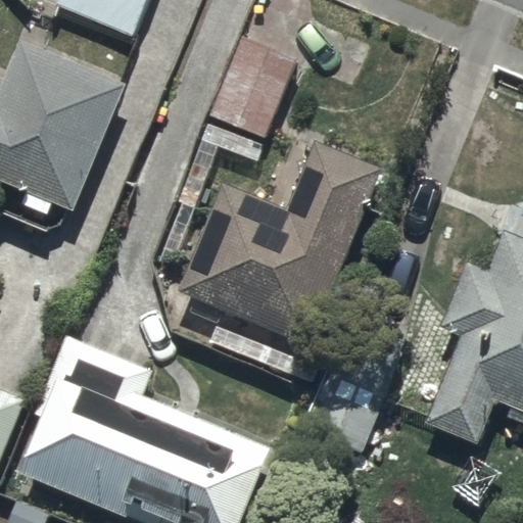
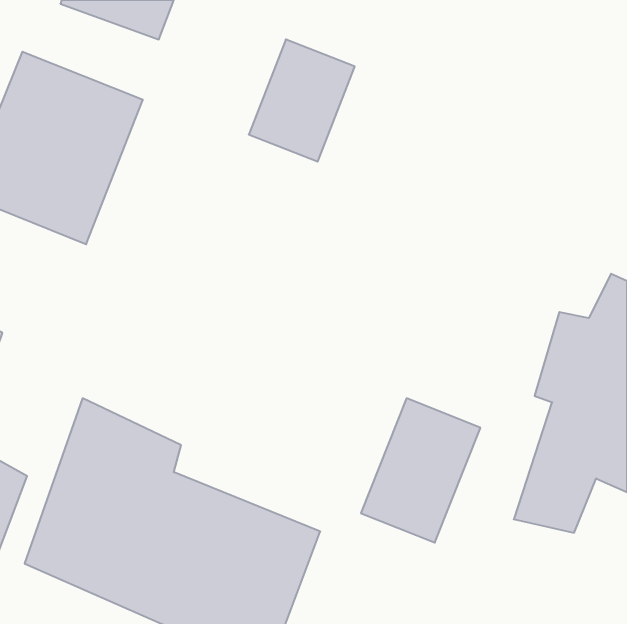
building: [180,147,382,345] -> none

